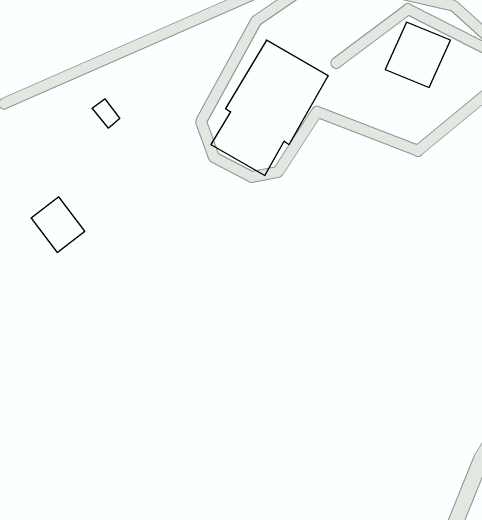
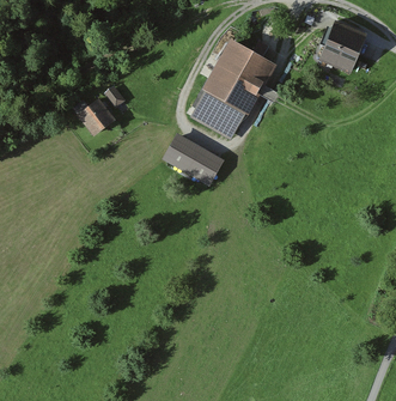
building: none -> [160,132,223,184]
building: [31,197,85,252] -> [73,92,112,133]

